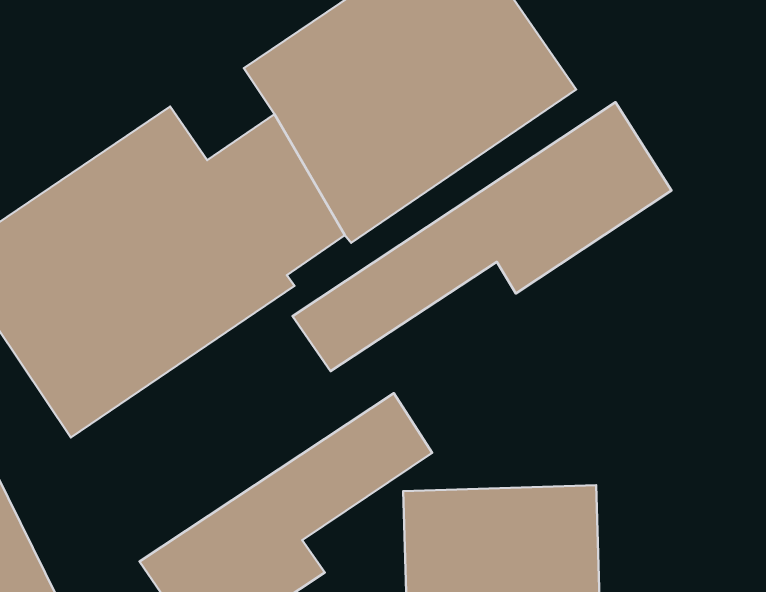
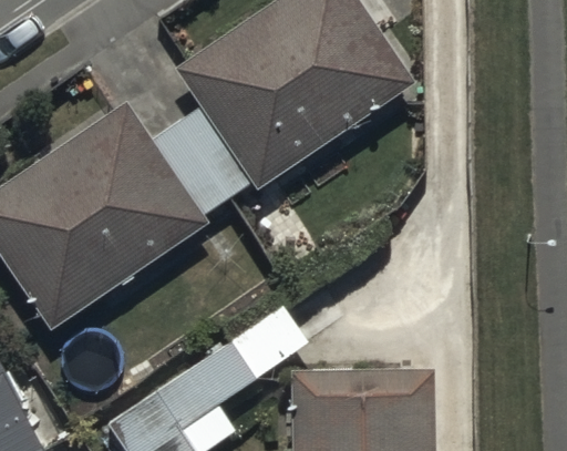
building: [293,102,672,371] -> none

